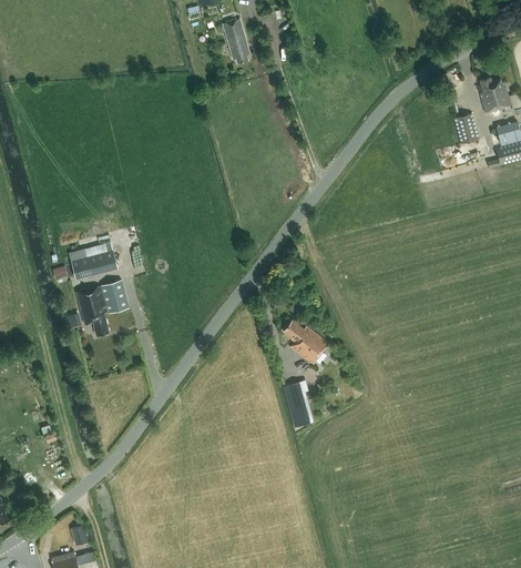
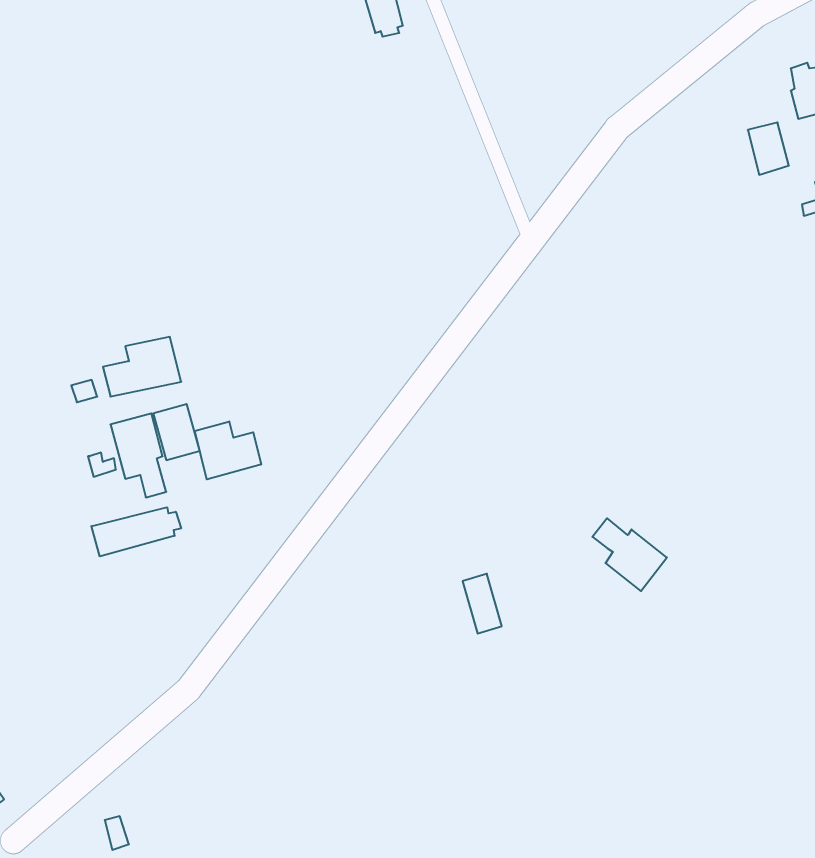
building: none -> [195,421,261,479]
building: [284,321,328,364] -> [592,518,667,591]
building: none -> [91,507,181,556]

